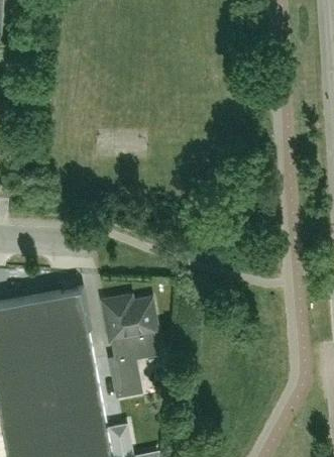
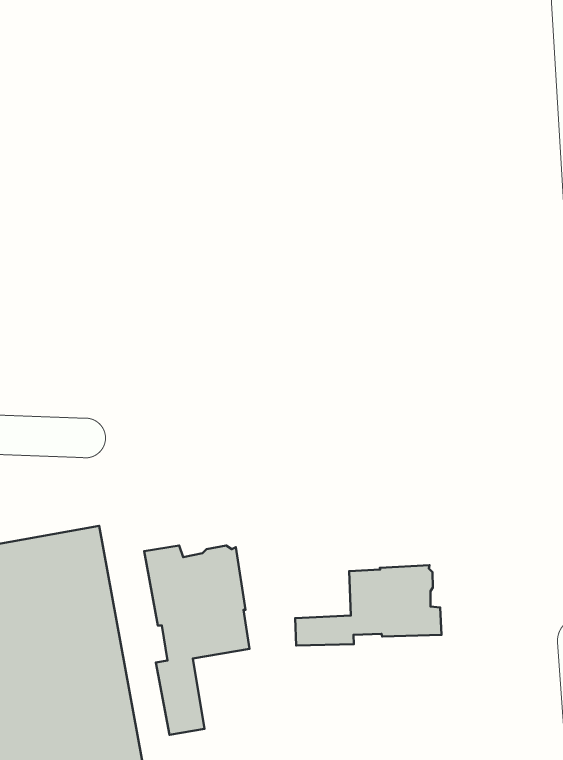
building: none -> [295,565,441,646]

